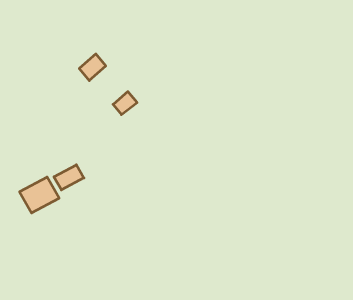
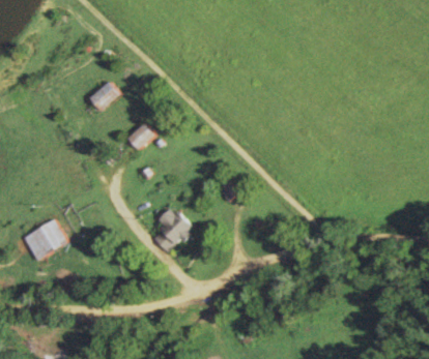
building: [54,165,84,190] -> none
building: none -> [152,206,193,252]

